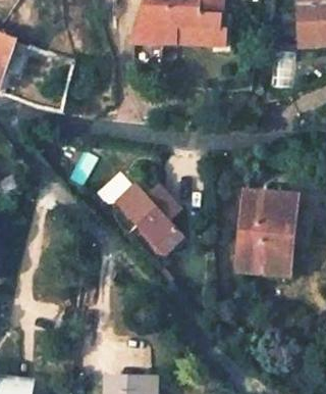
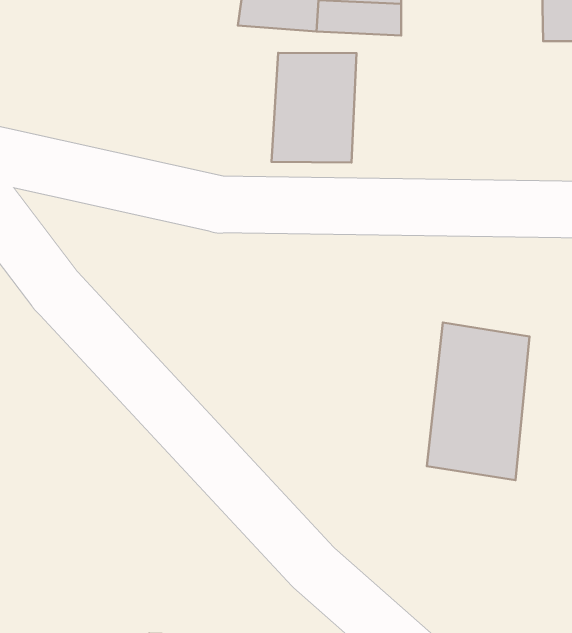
building: none -> [271,53,357,162]
building: [112,180,181,252] -> none

